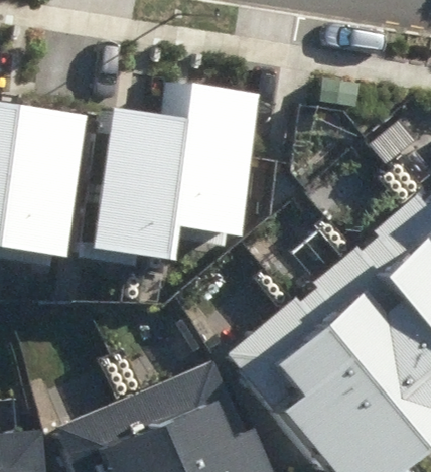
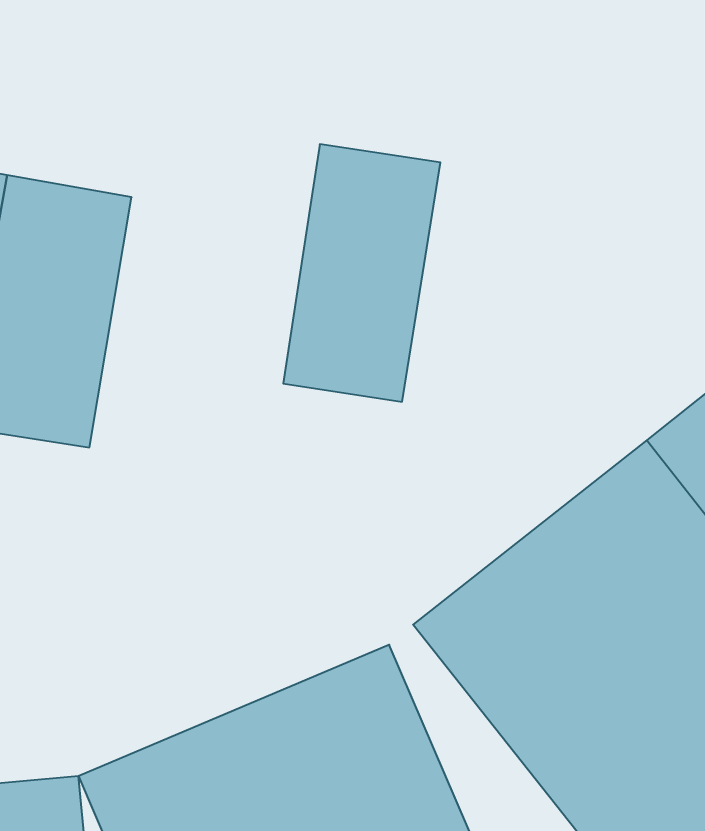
building: [84,111,176,257] -> none

